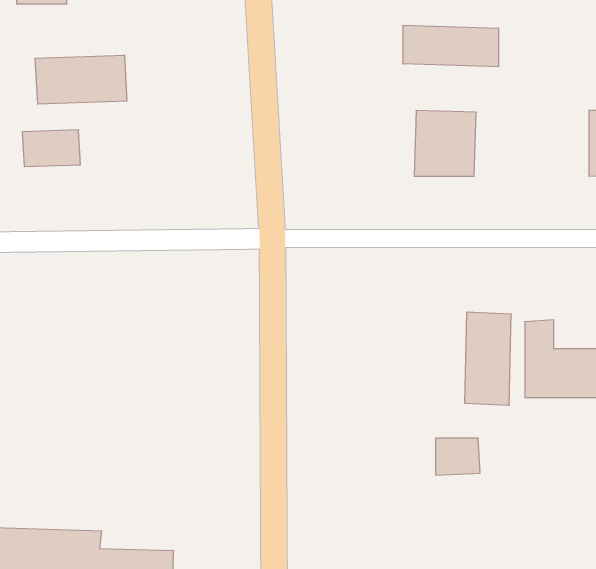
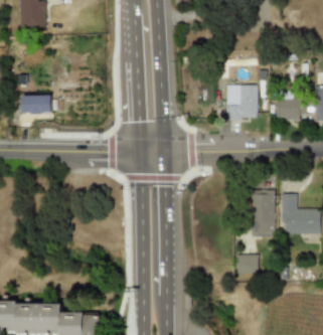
building: [403,25,499,67] -> none
building: [35,55,127,104] -> none
building: none -> [276,93,306,119]

